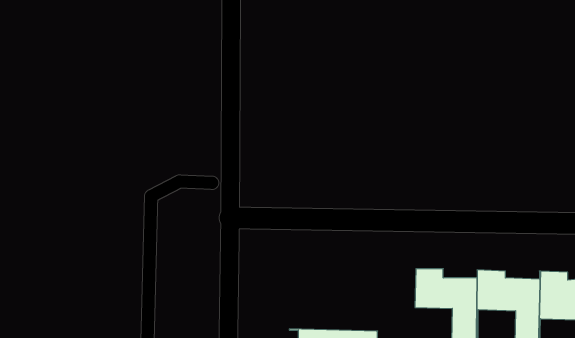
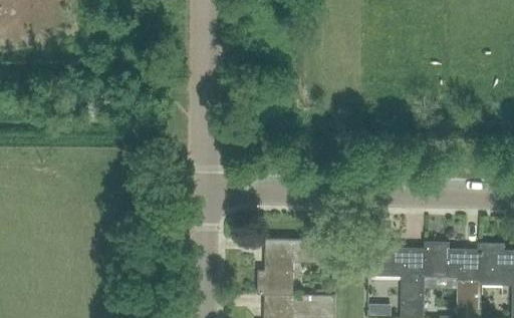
building: none -> [257,239,336,296]

